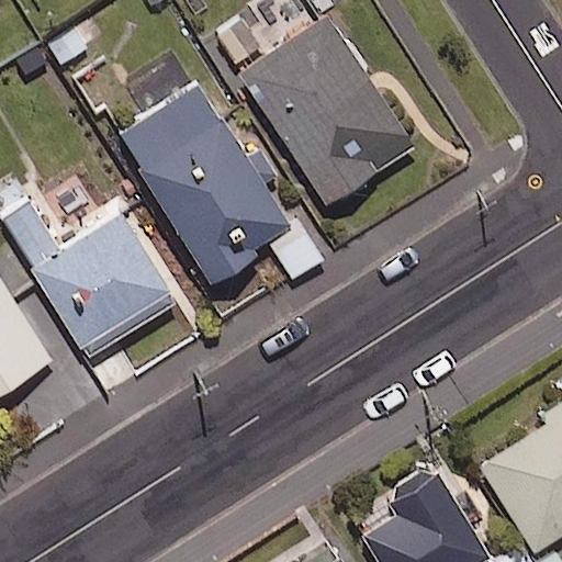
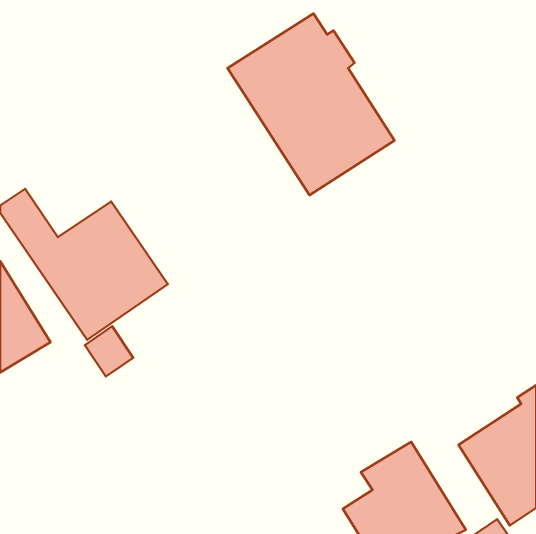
building: [114,54,325,288] -> none

